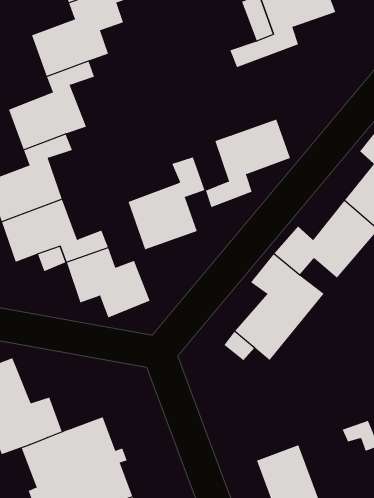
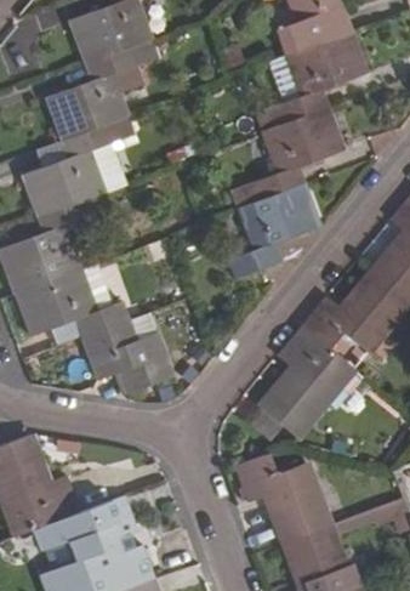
building: none -> [251,107,342,201]
building: [128,156,205,250] -> none
building: none -> [234,454,328,542]

